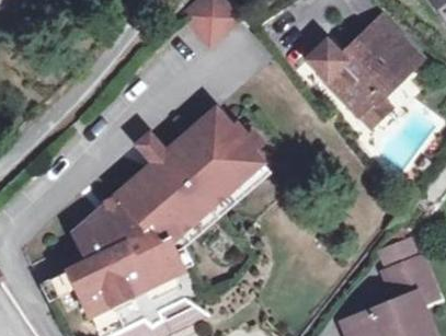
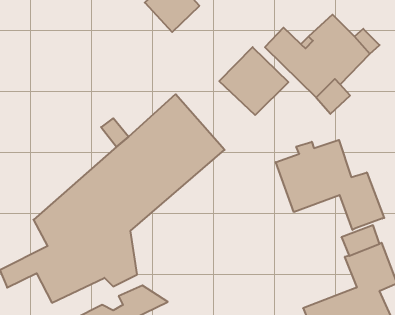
building: none -> [219,47,288,115]
building: none -> [276,140,384,230]

